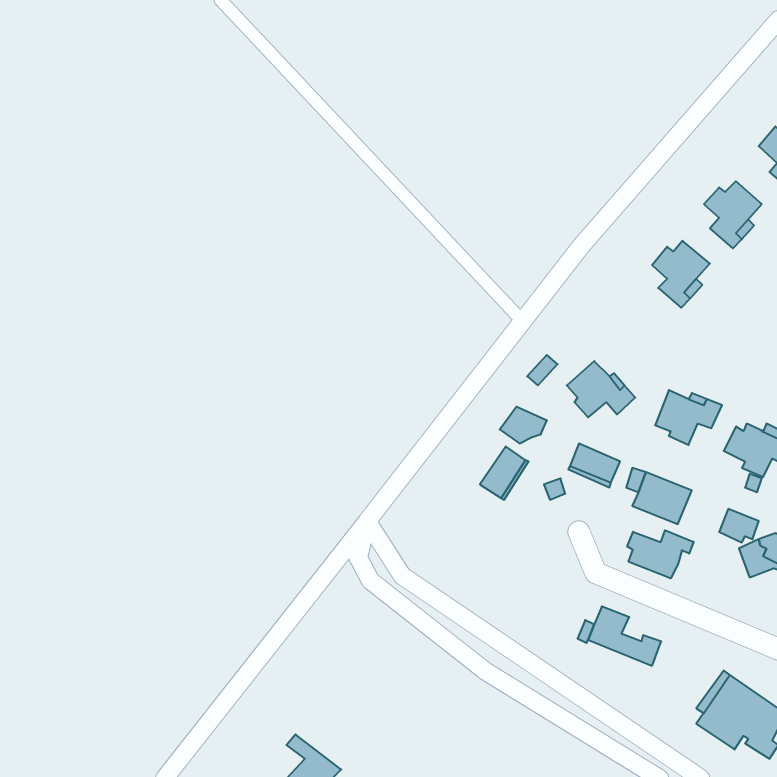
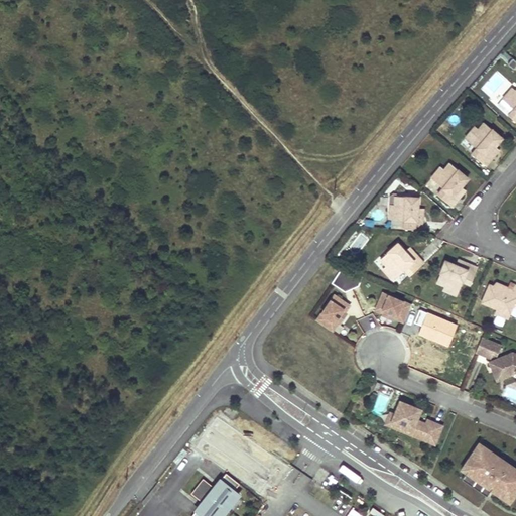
building: none -> [387,194,420,229]
building: [627,530,694,578] -> none
building: none -> [197,474,239,510]

